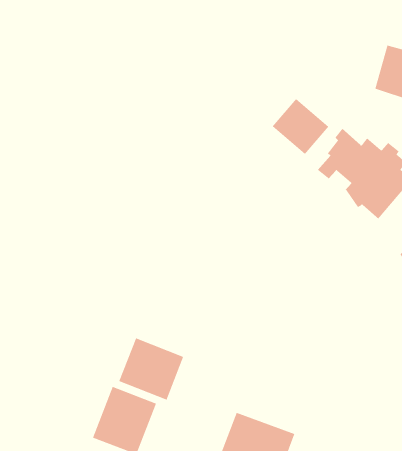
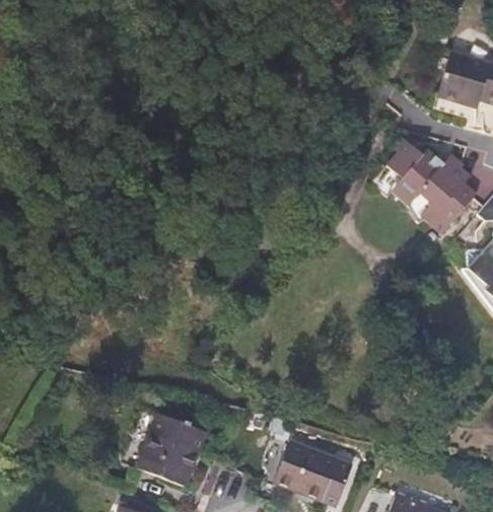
building: [272,98,329,155] -> none
building: [119,337,184,400] -> none

